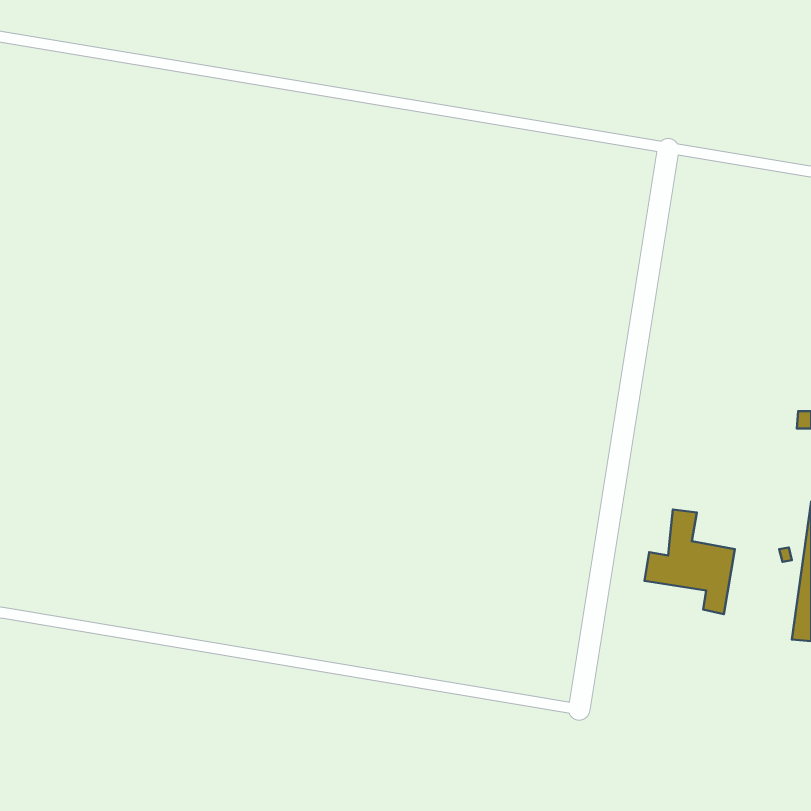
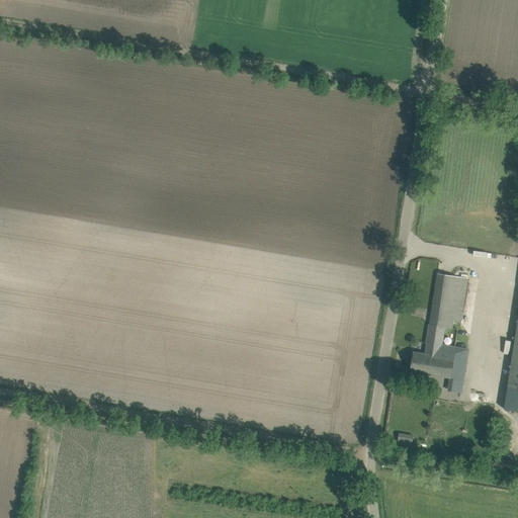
building: none -> [429,273,468,328]

